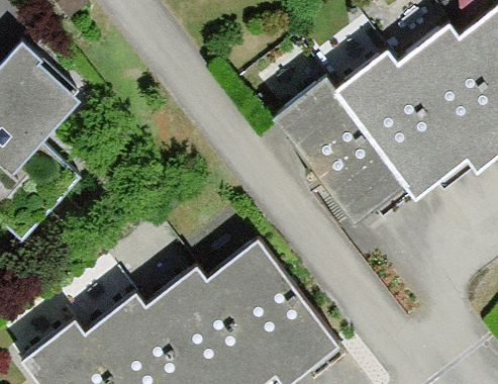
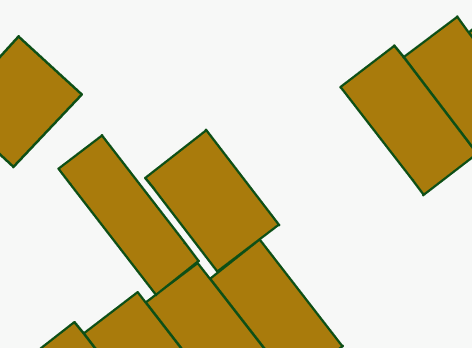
building: [275,79,406,222] -> none
building: none -> [145,130,279,272]
building: none -> [59,135,199,295]

